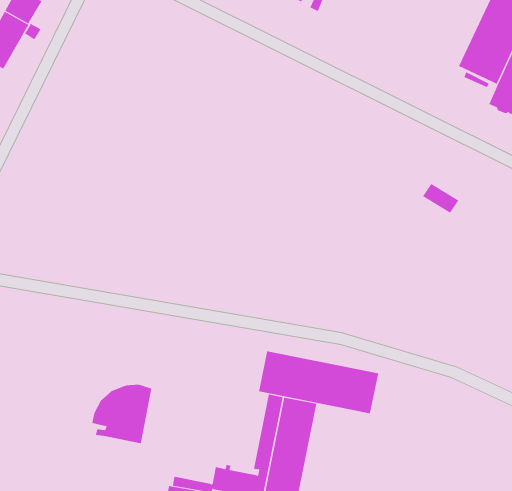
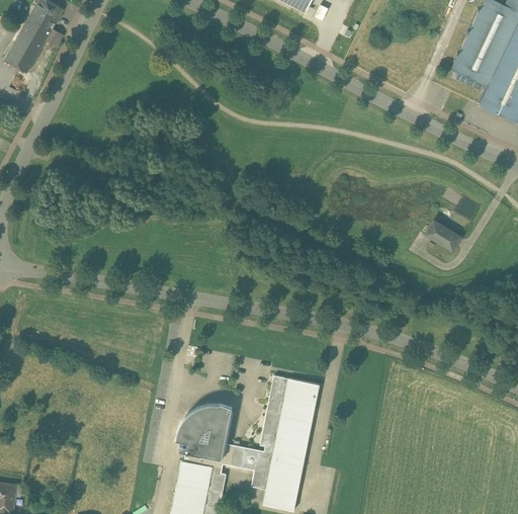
building: [422,183,459,213] -> [426,222,460,250]
building: [259,351,379,414] -> none
building: [92,384,152,444] -> [175,404,232,459]

